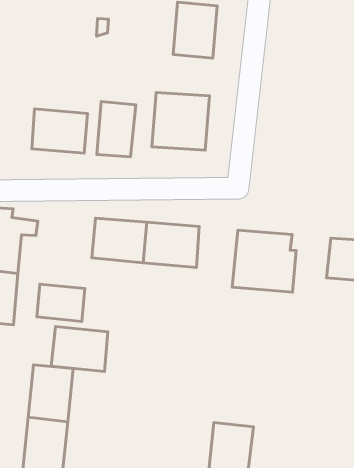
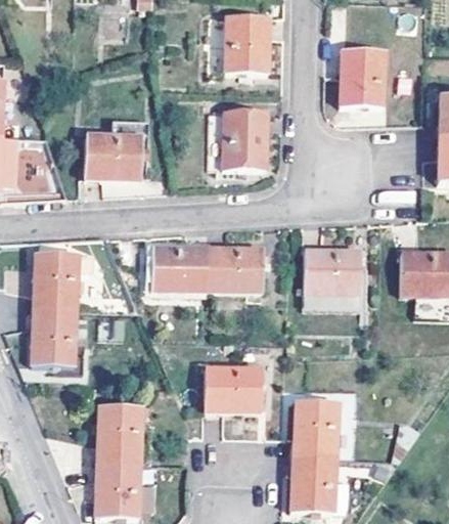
building: none -> [340,49,385,104]
building: [97,101,136,157] -> none
building: [37,284,85,321] -> none
building: [51,327,108,372] -> [205,367,262,411]
building: none -> [293,399,338,455]

